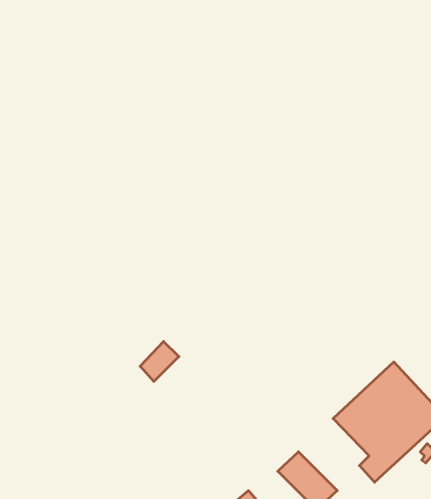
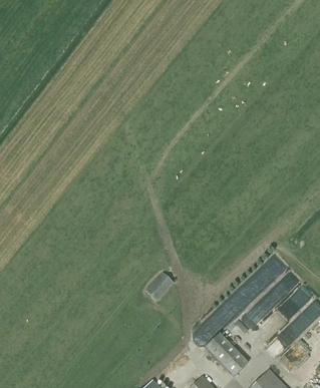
building: [140,341,179,381] -> [145,272,174,301]
building: none -> [201,255,286,333]

